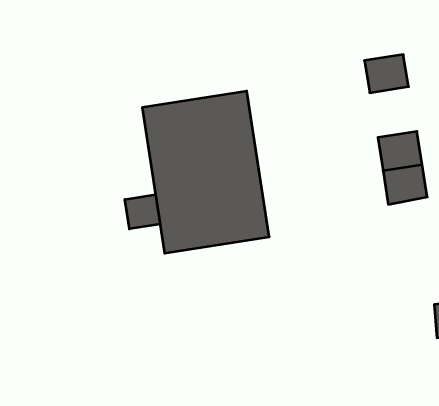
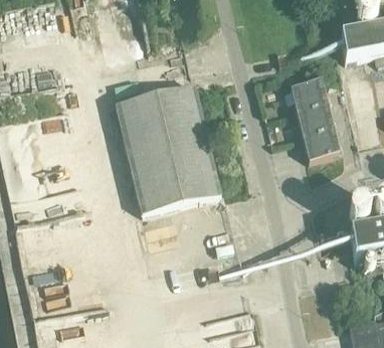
building: [364,55,409,93] -> [291,78,326,110]
building: [125,195,160,229] -> none

